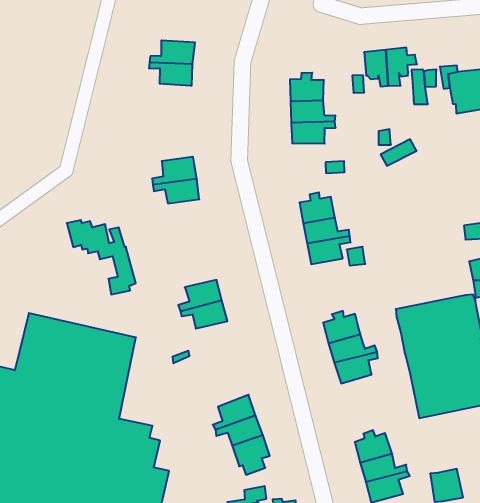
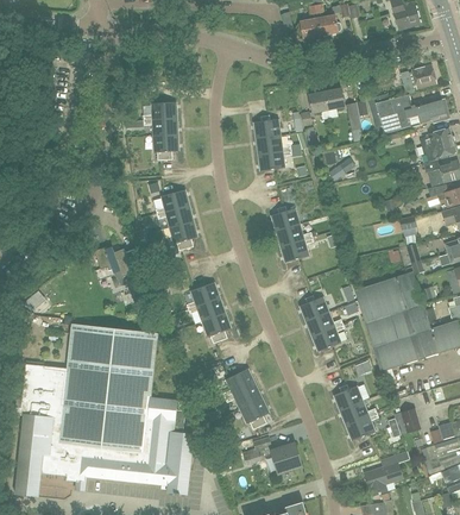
building: none -> [153,134,179,159]
building: none -> [170,221,199,250]
building: none -> [202,313,232,343]

